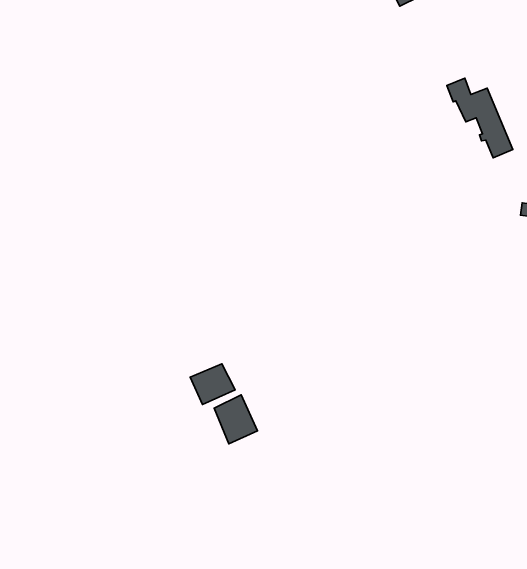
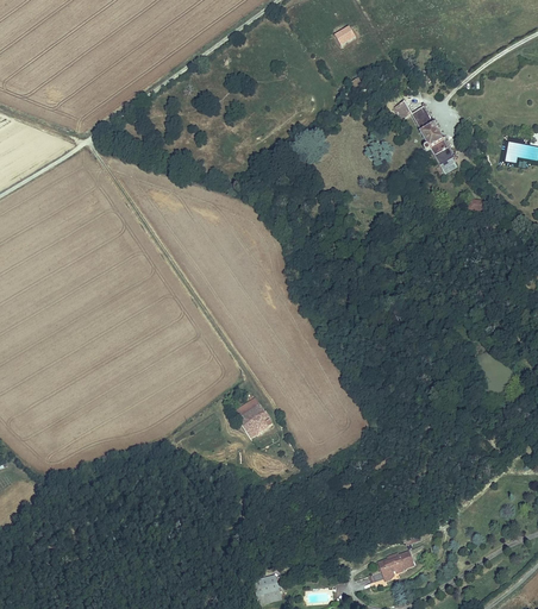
building: [190,364,235,404] -> none

